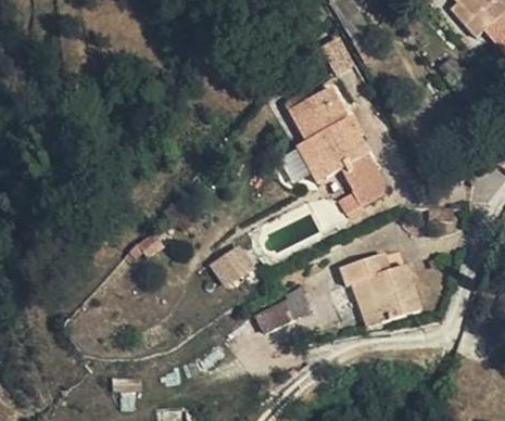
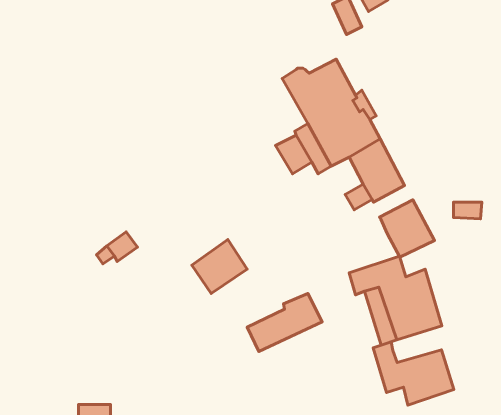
building: none -> [379,200,434,257]
building: none -> [373,342,454,405]

